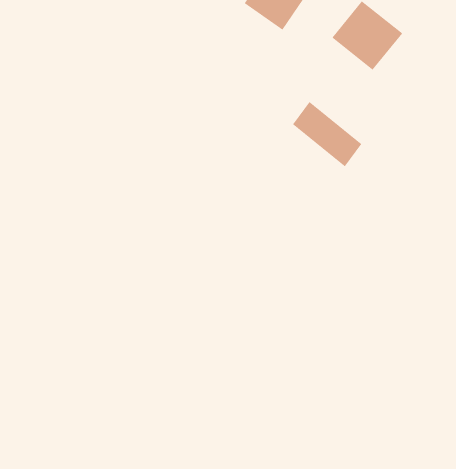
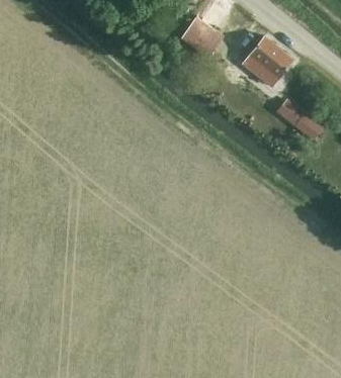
building: [292,101,362,167] -> [275,95,325,141]

